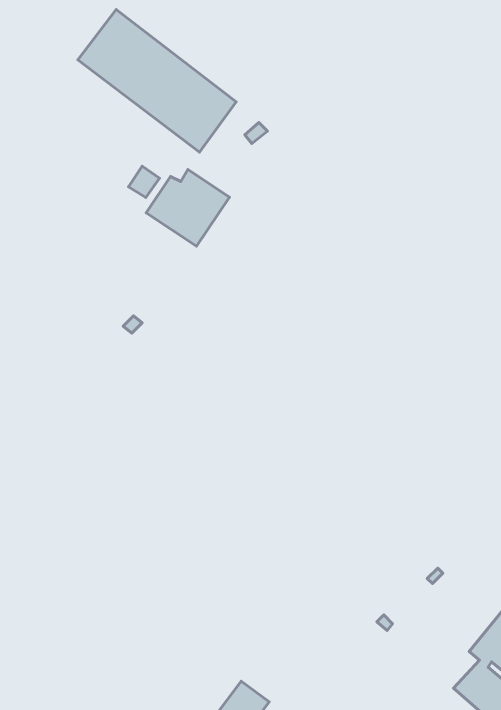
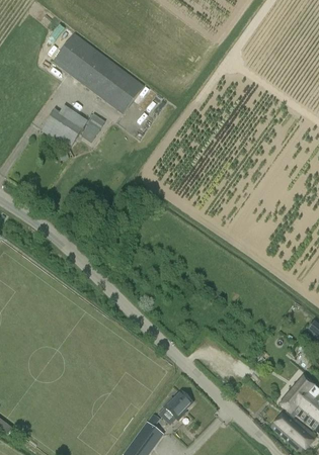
building: [146,169,229,246] -> [39,104,88,149]
building: none -> [159,389,192,423]

